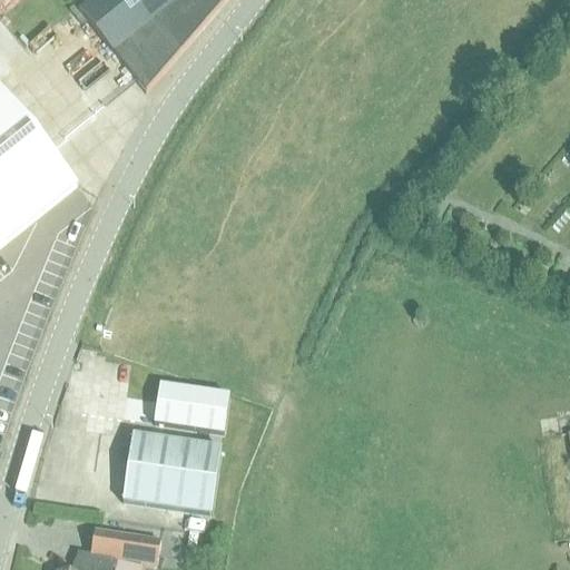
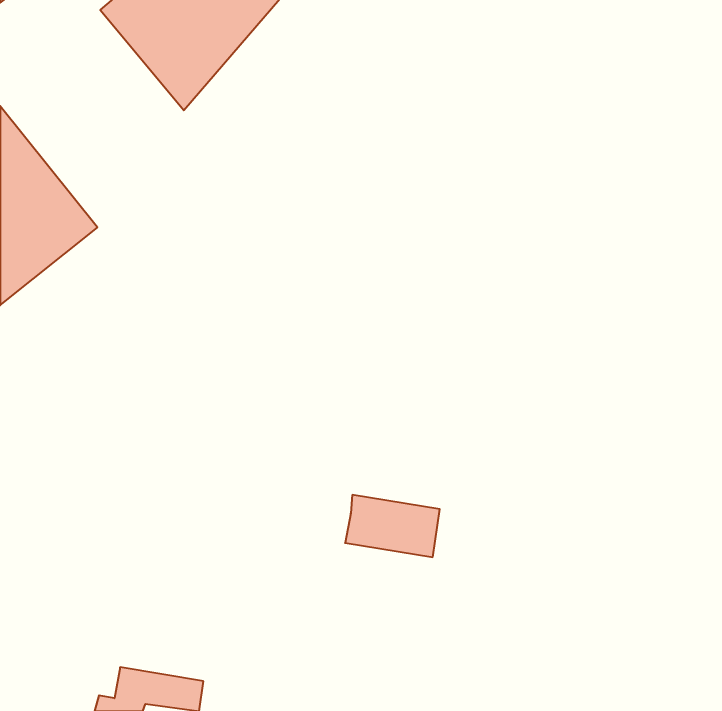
building: [154,381,228,430] -> [345,495,440,557]
building: [122,431,220,510] -> none

